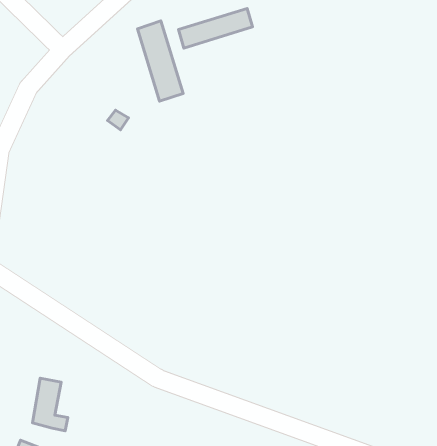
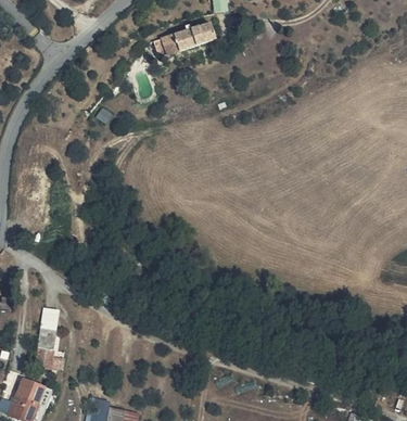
building: [137,21,183,101] -> none

